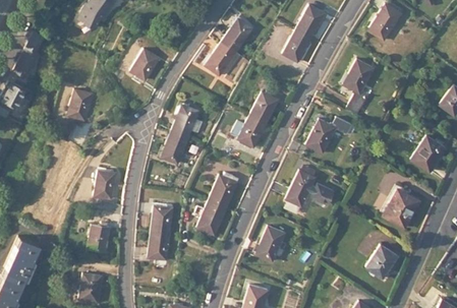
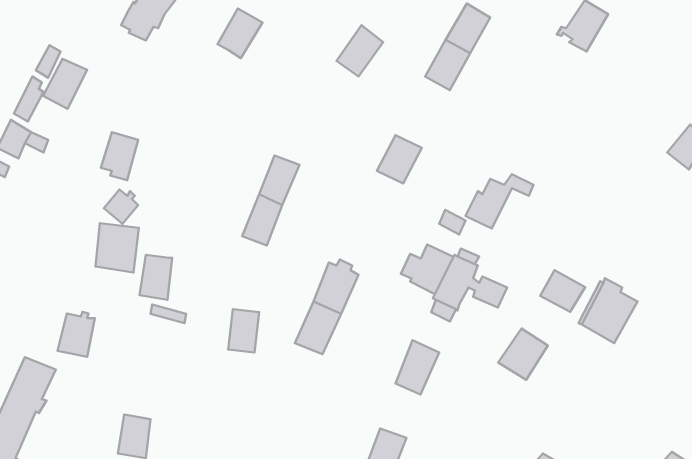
building: none -> [43,59,87,109]
building: [207,43,237,75] -> none
building: [130,49,160,81] -> [218,8,263,58]
building: [345,58,374,113] -> none
building: [232,115,267,147] -> [401,244,454,294]
building: [411,134,445,171] -> none
building: none -> [95,223,139,272]
building: none -> [540,270,585,312]
building: [87,222,111,251] -> [58,312,95,357]
building: [148,232,169,259] -> none
building: [365,243,398,276] -> [498,329,548,380]

